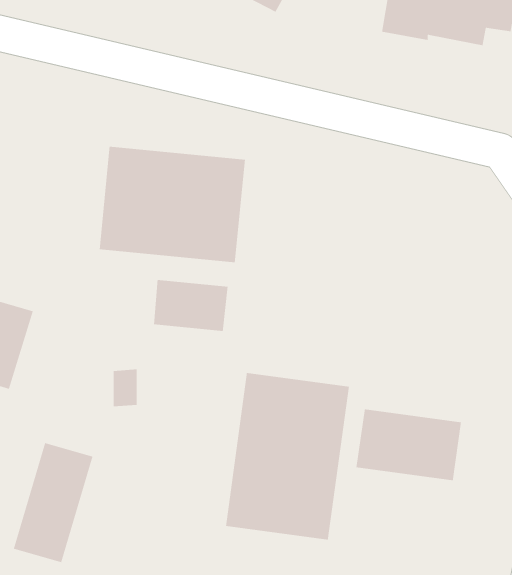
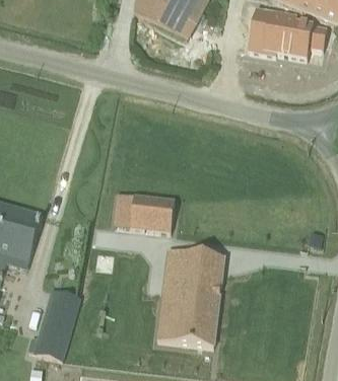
building: [99,146,246,263] -> none
building: [356,408,462,481] -> none

